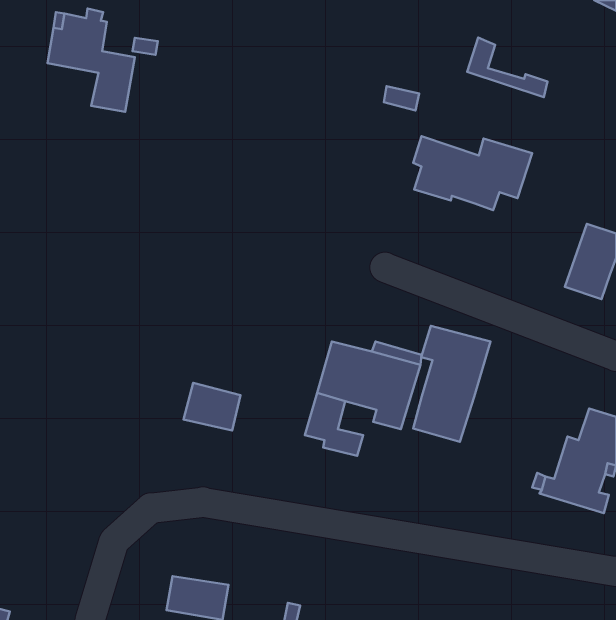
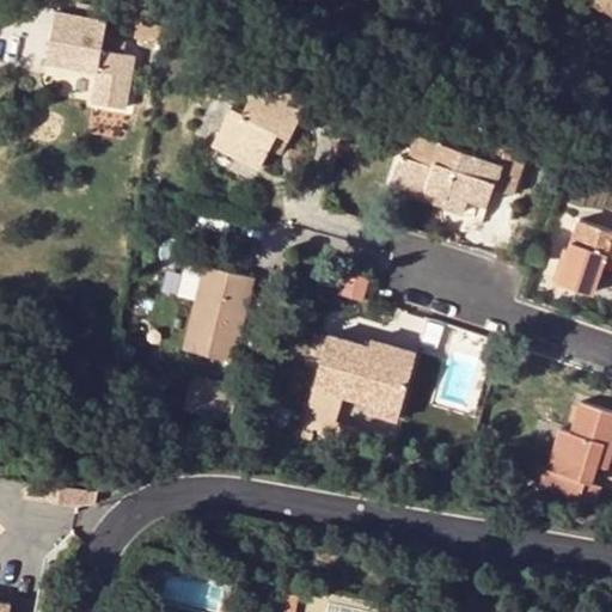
building: [467,38,547,97] -> [387,158,466,216]
building: none -> [212,76,310,171]
building: none -> [182,268,253,365]
building: [413,326,490,442] -> none

